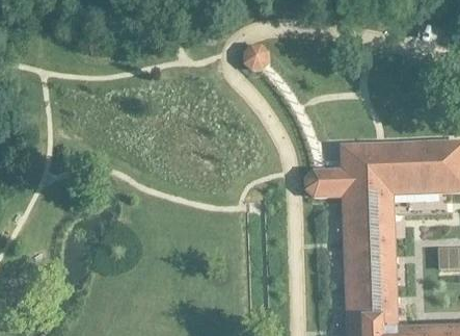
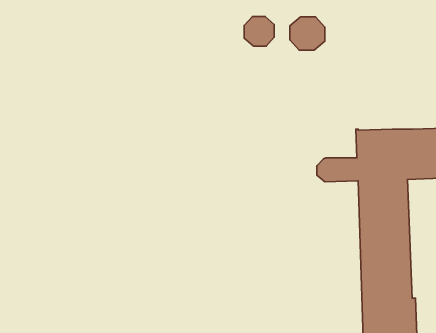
building: none -> [290,17,325,50]

